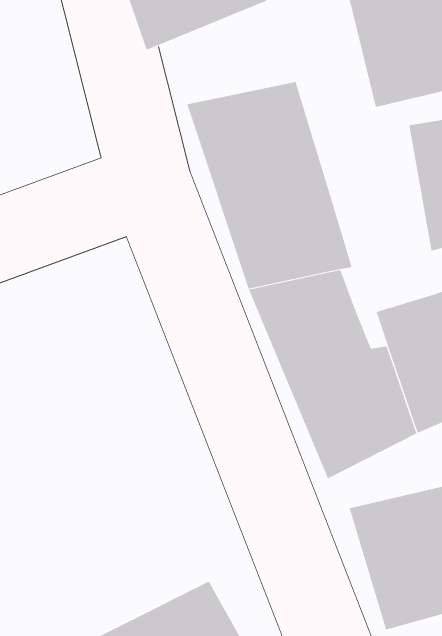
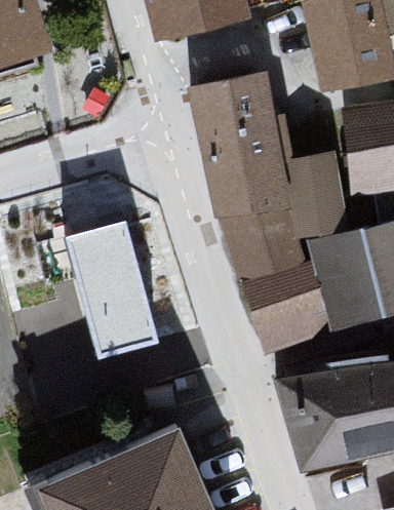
building: none -> [283,151,349,243]
building: none -> [67,204,158,341]

